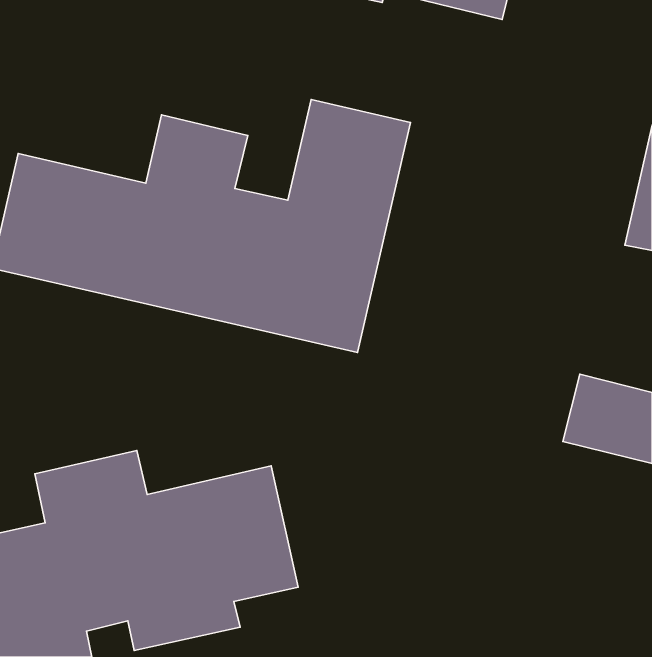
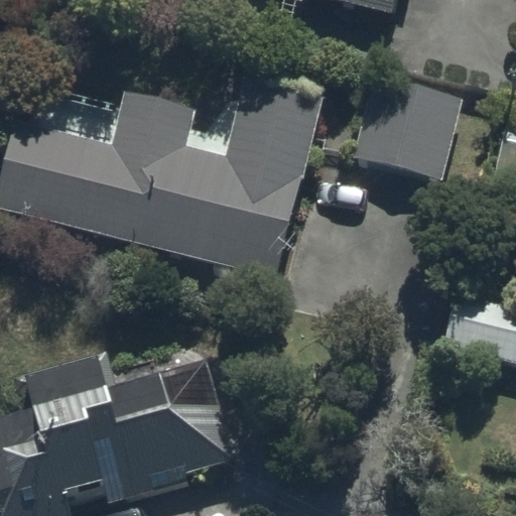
building: none -> [351,76,463,181]

